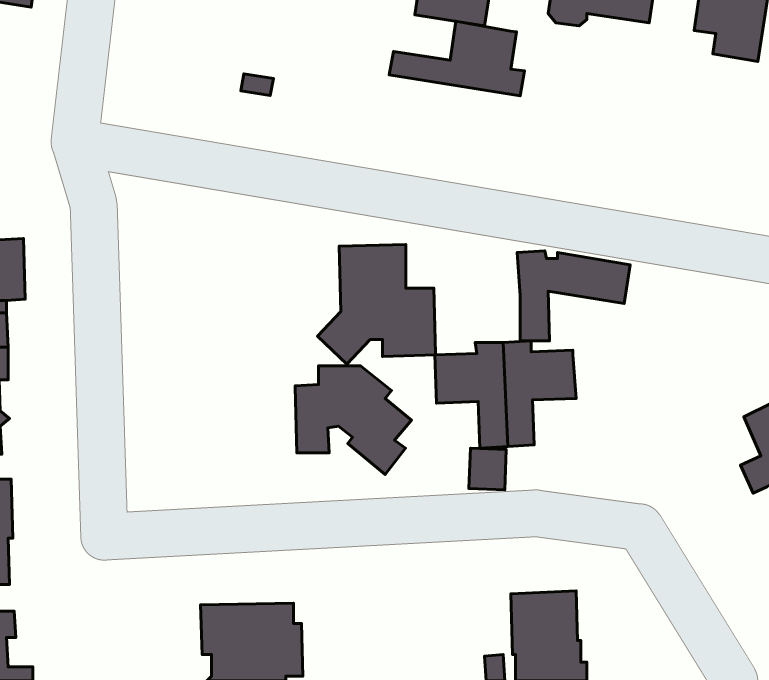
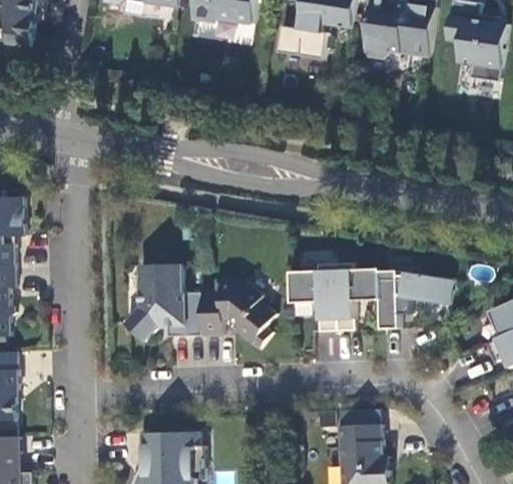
building: [389,21,525,96] -> none
building: [317,245,435,364] -> [123,265,199,342]
building: [517,251,630,341] -> [378,271,451,329]

